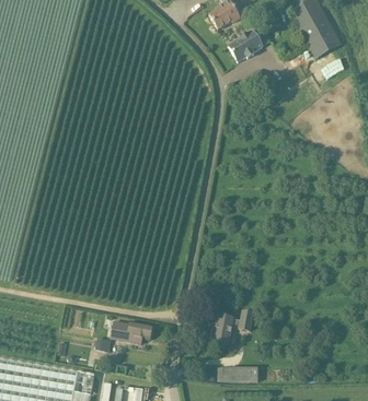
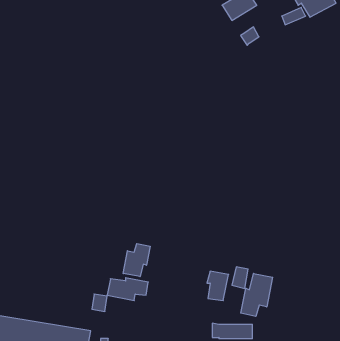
building: none -> [123,244,150,277]
building: none -> [241,273,273,316]

